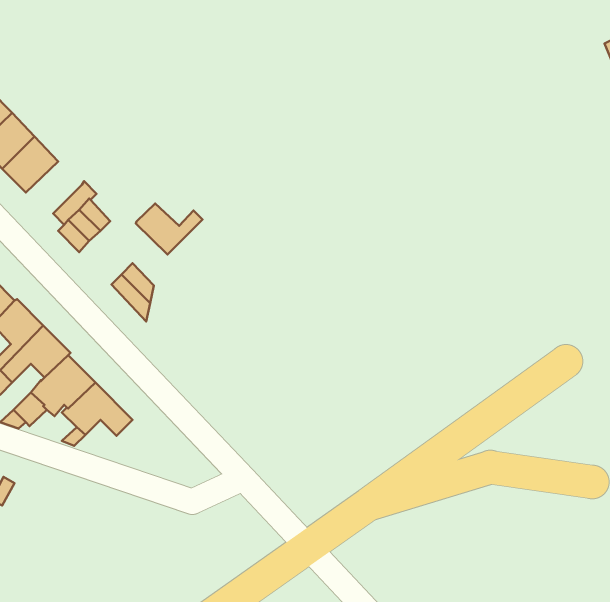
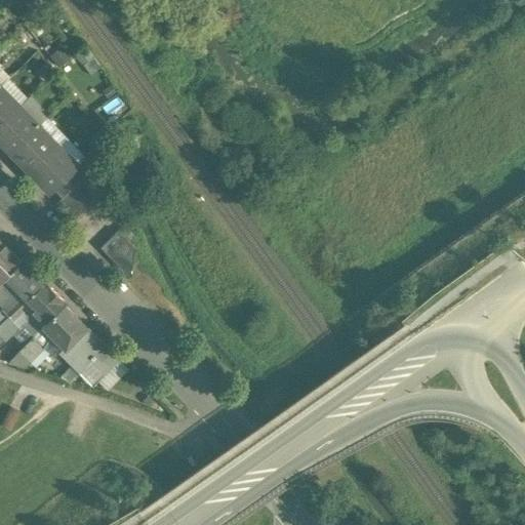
building: none -> [29,146,75,192]
building: [136,203,203,255] -> none

